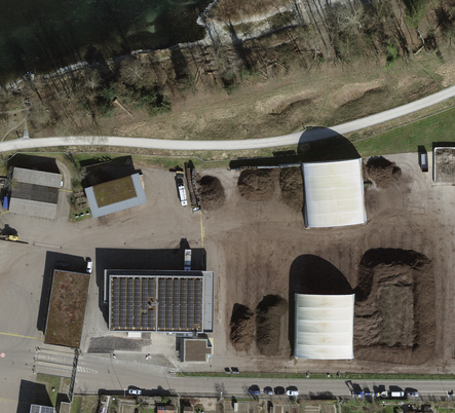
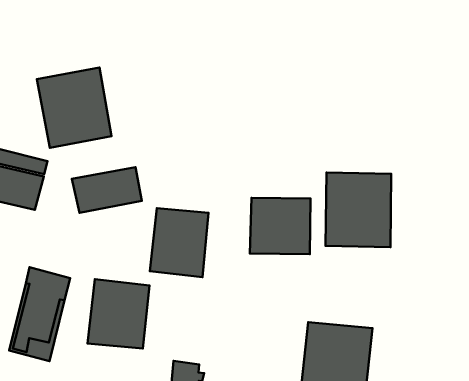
building: none -> [37,67,111,148]
building: none -> [250,198,310,254]
building: [157,274,203,331] -> [150,208,208,277]

